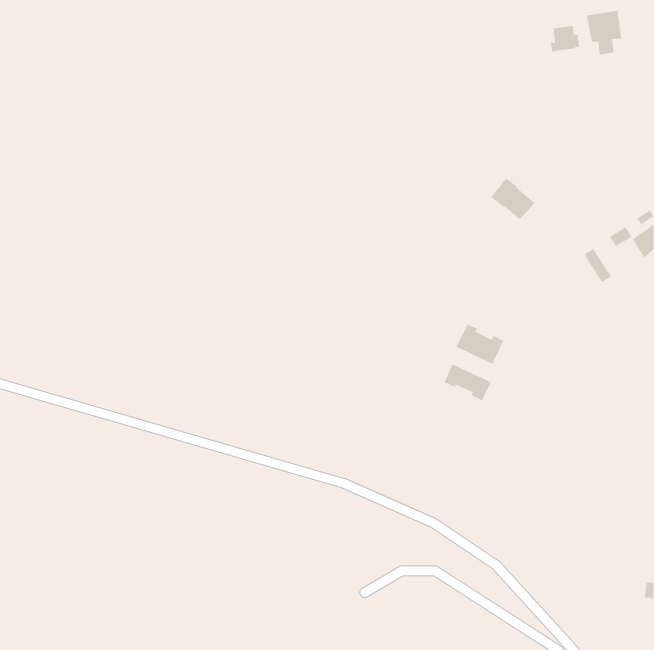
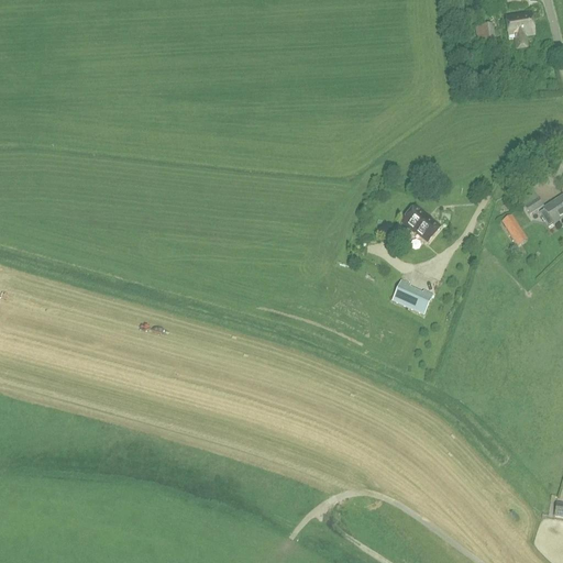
building: [490,178,535,220] -> [401,203,440,240]
building: [444,363,491,401] -> none

